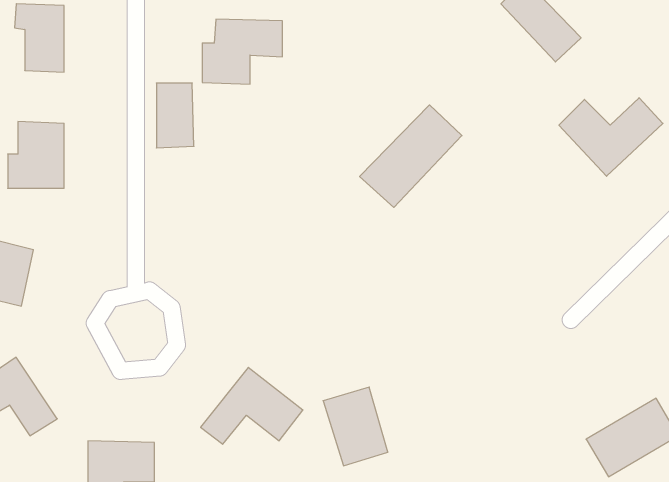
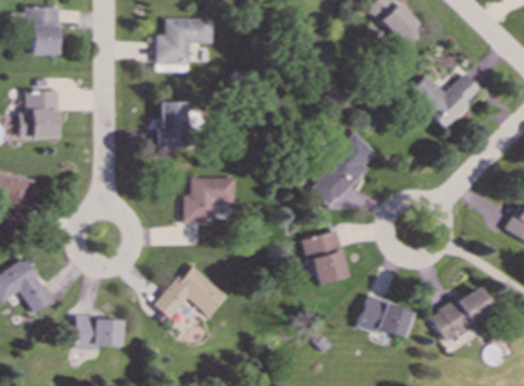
building: [156,83,194,148] -> [161,102,188,148]
building: [360,105,462,207] -> [306,134,379,207]
building: none -> [185,178,236,223]
building: [323,387,388,466] -> [303,230,349,286]
building: none -> [357,296,411,338]

